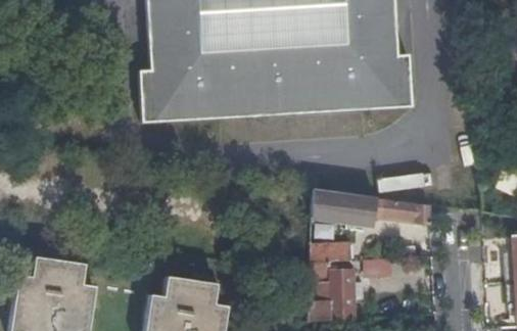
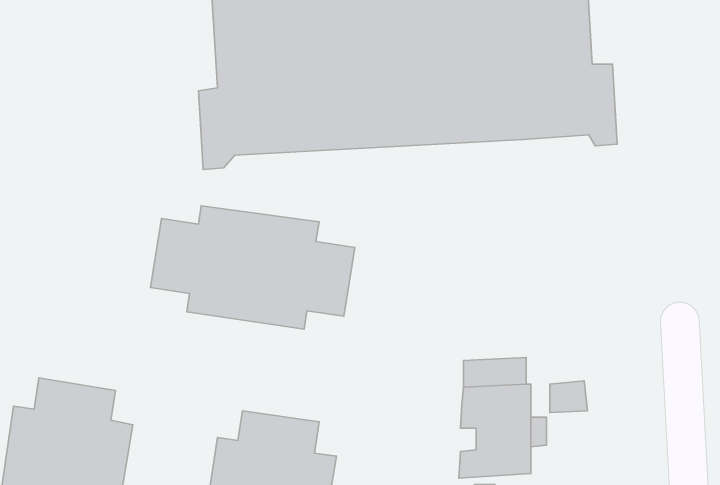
building: none -> [150,206,355,329]
building: [312,190,432,226] -> none

